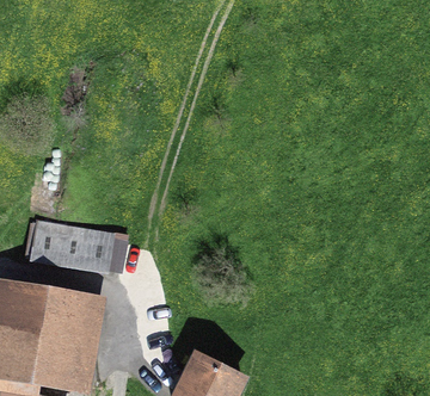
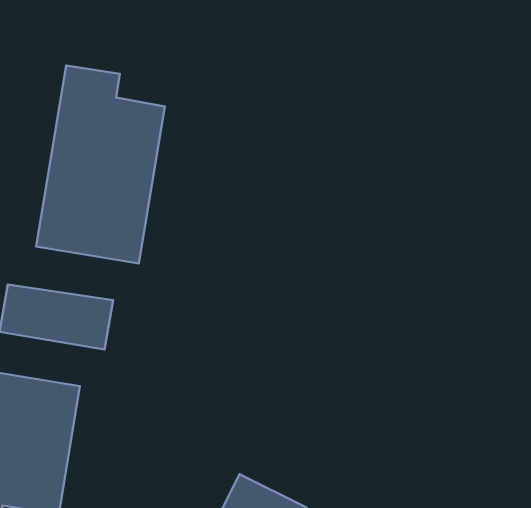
building: none -> [36,65,165,264]

